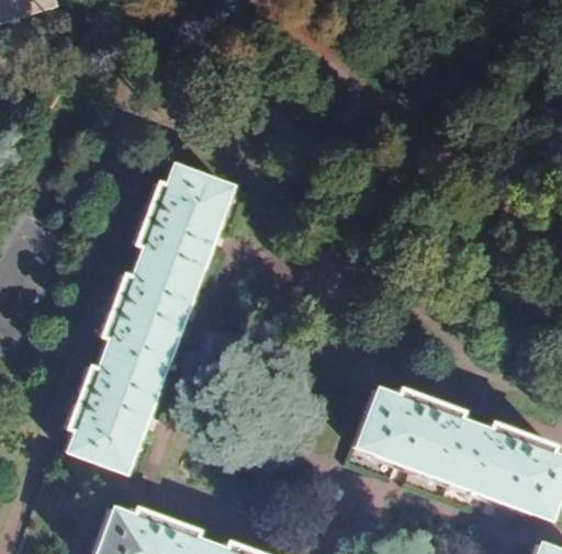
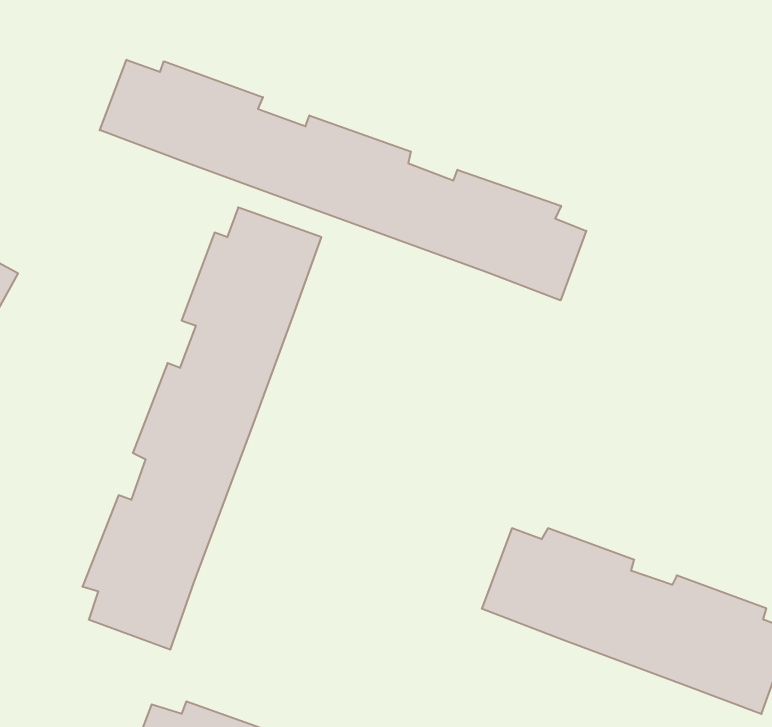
building: none -> [100,60,586,300]

